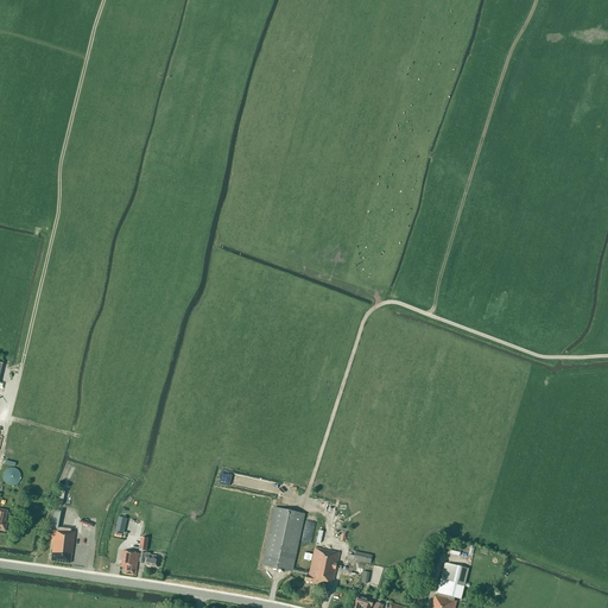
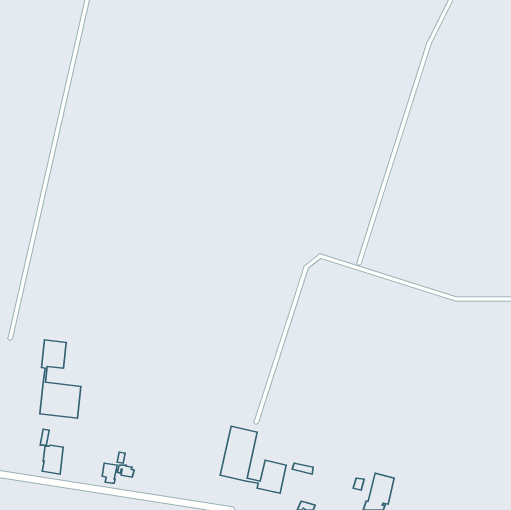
building: none -> [40,340,81,418]

